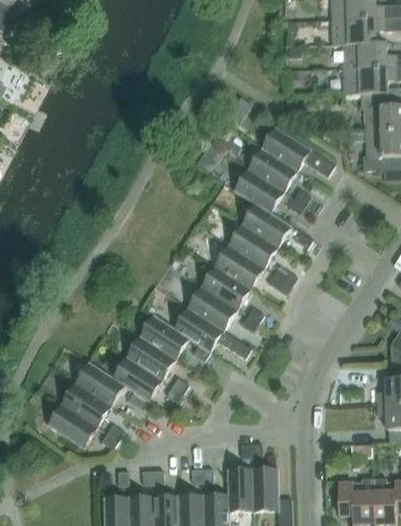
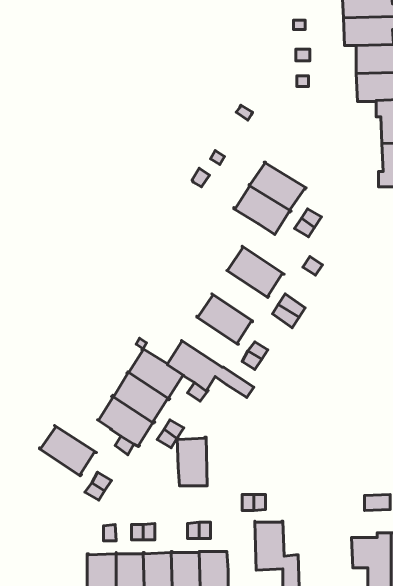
building: [261,127,336,178] -> none
building: [241,203,292,248] -> none
building: [214,245,264,289] -> none
building: [188,286,237,331] -> none
building: [75,361,125,407] -> none
building: [48,404,97,448] -> none
building: [227,468,254,511] -> [177,437,207,486]

